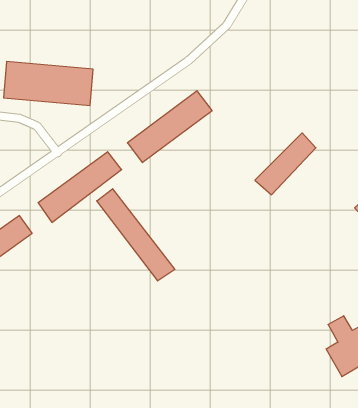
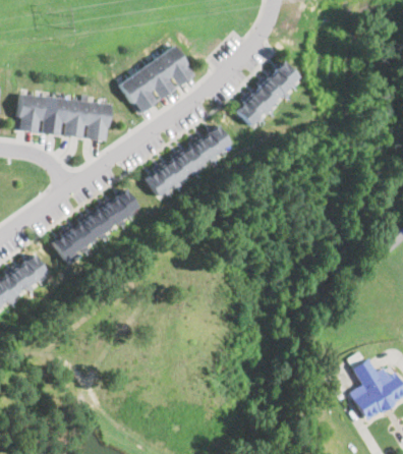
building: none -> [120,48,196,112]
building: [255,133,316,195] -> [236,60,299,124]
building: [97,189,175,281] -> none

